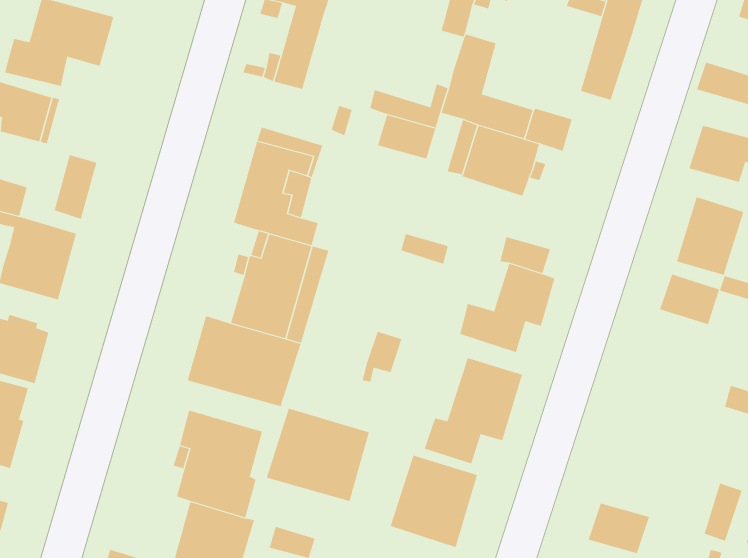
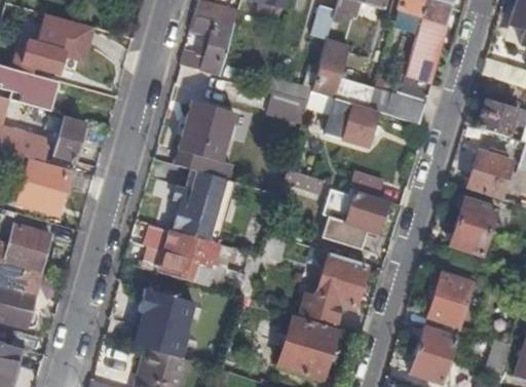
building: none -> [392,76,428,123]
building: none -> [449,221,489,255]
building: none -> [427,273,474,324]
building: [266,408,370,502] -> none
building: none -> [417,324,457,358]

